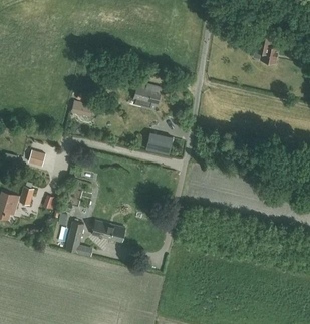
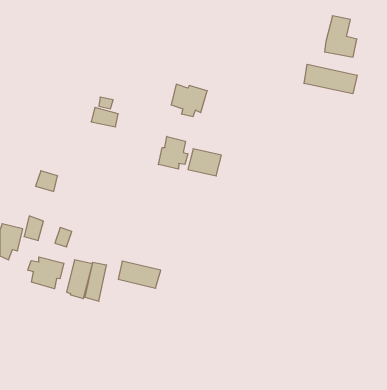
building: none -> [304,64,357,94]
building: none -> [158,136,188,169]
building: none -> [28,257,64,289]

